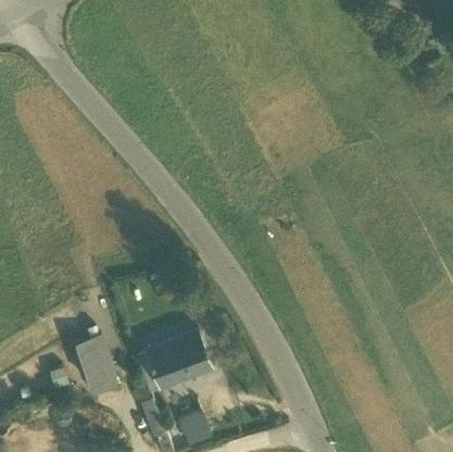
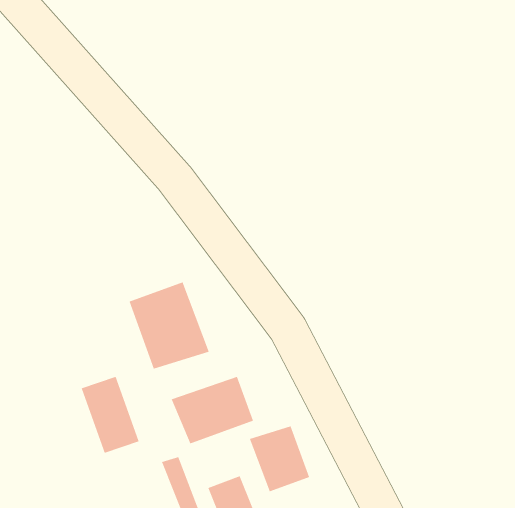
building: none -> [129,282,210,369]
building: none -> [249,426,310,492]

